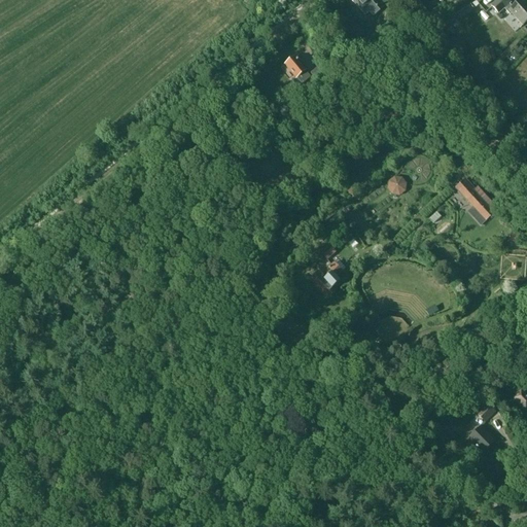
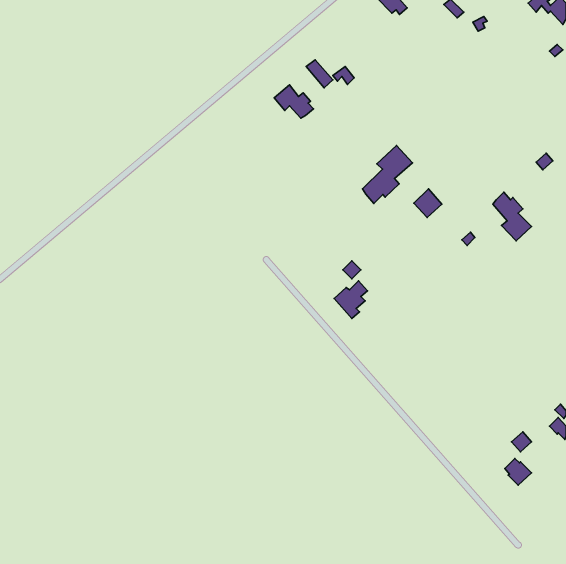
building: none -> [274,85,314,118]
building: none -> [363,146,413,204]

